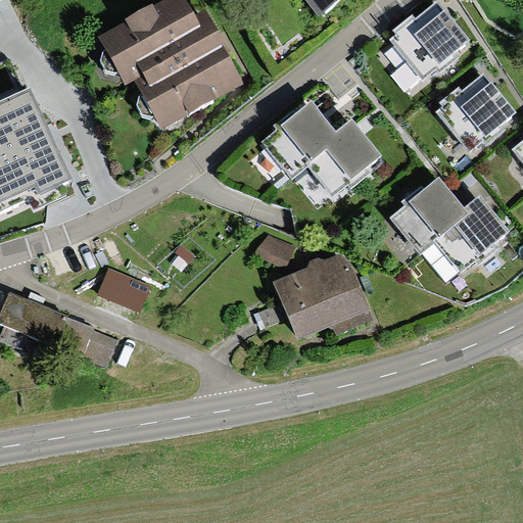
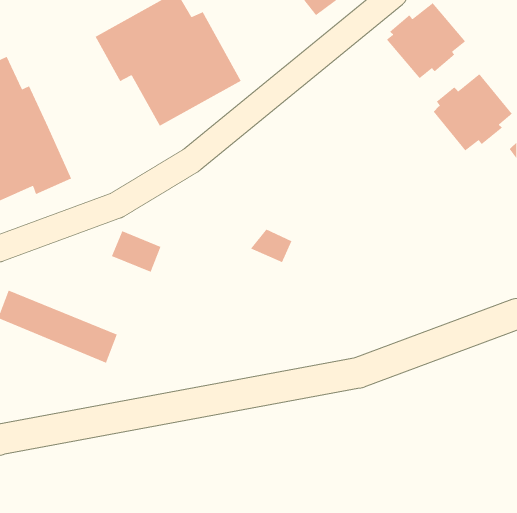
building: [260,101,381,196] -> none
building: [390,181,507,272] -> none
building: [273,252,373,339] -> none
building: [96,267,147,310] -> [111,230,161,273]

